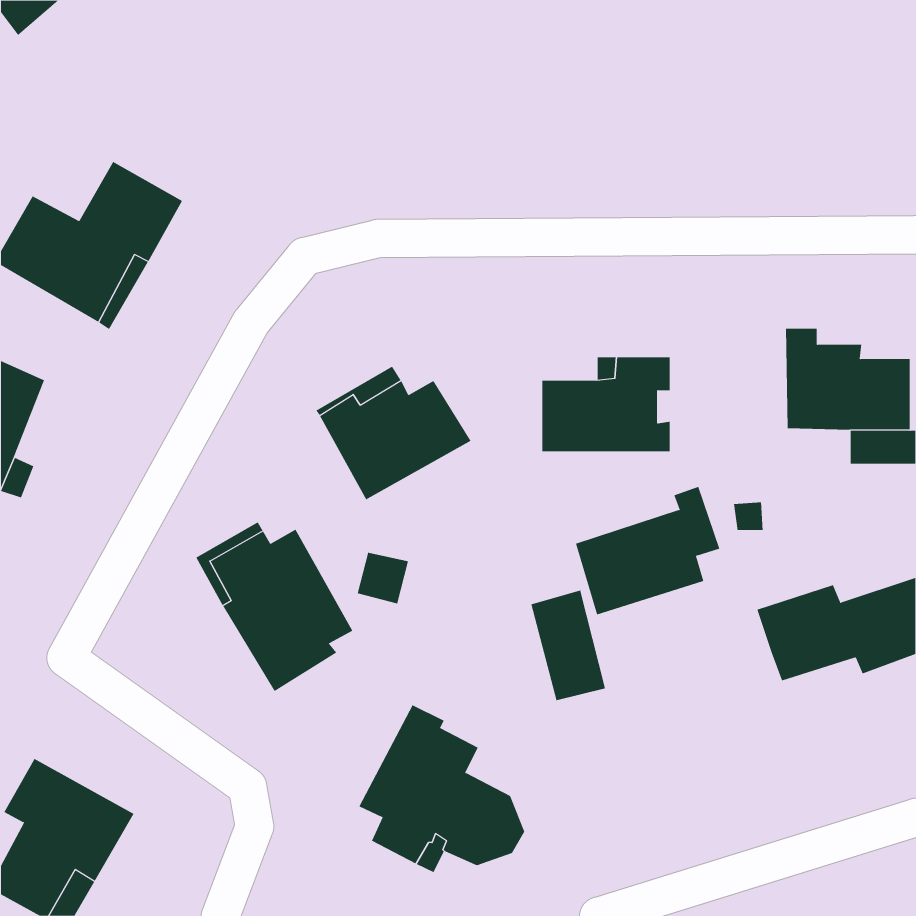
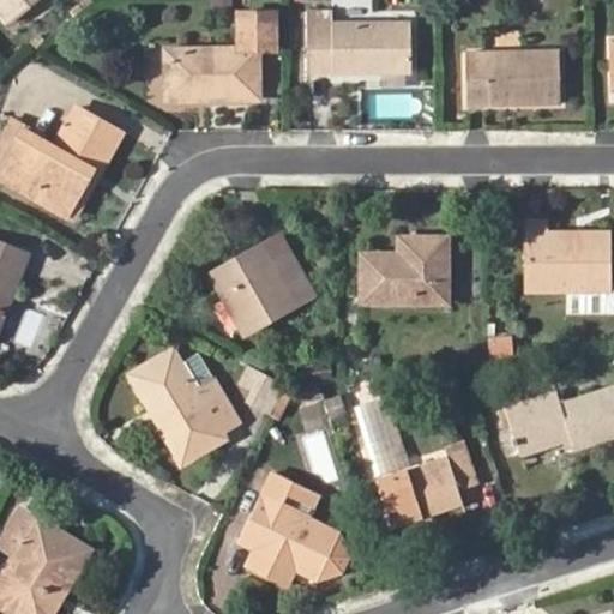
building: none -> [307,12,411,72]
building: none -> [164,13,273,102]
building: none -> [465,53,558,107]
building: [575,486,720,615] -> [379,440,476,526]

